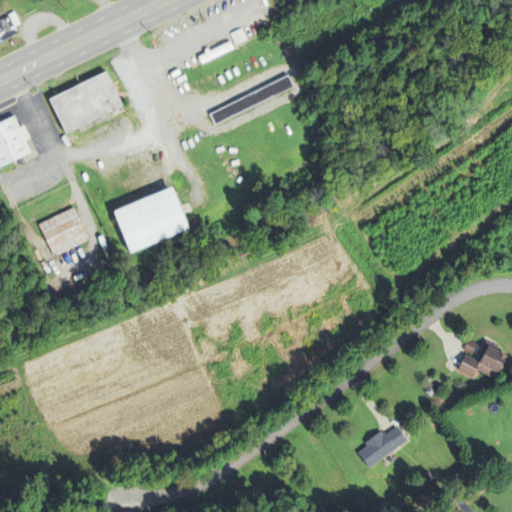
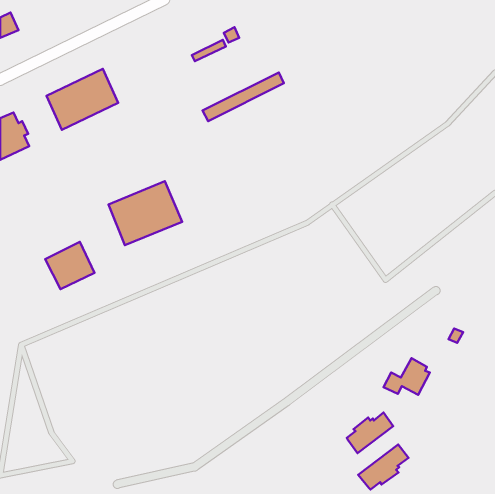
building: [38,207,89,256] -> [45,242,95,289]
building: [457,340,505,378] -> [383,358,430,395]
building: none -> [358,445,409,489]

